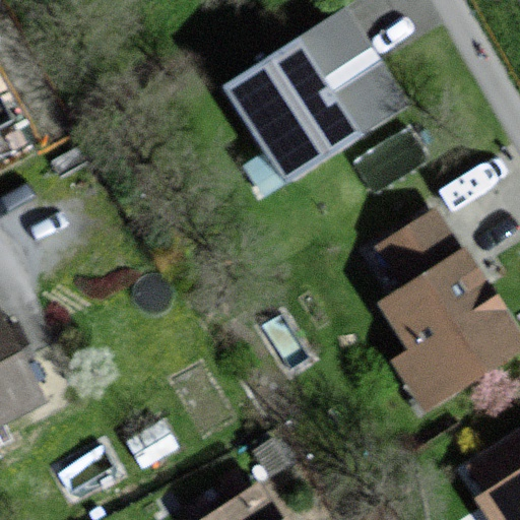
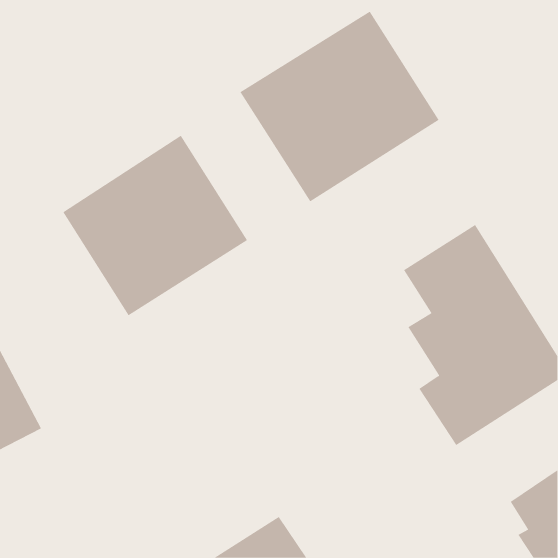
building: none -> [62,135,248,316]

